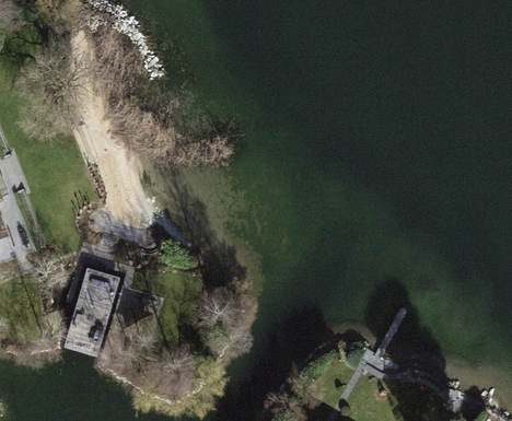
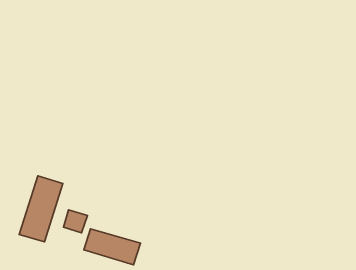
building: none -> [84,229,140,265]

